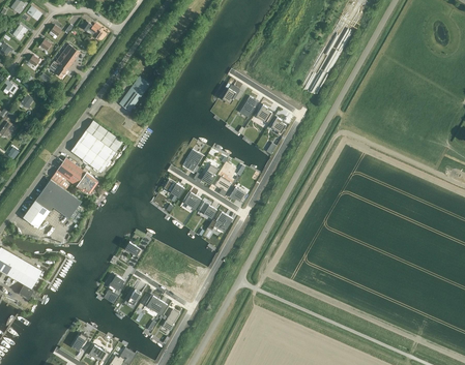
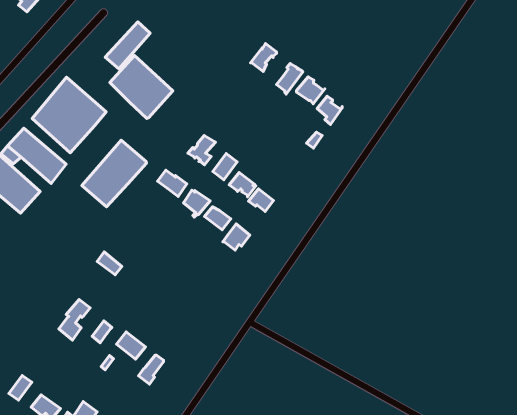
building: none -> [110,55,173,118]
building: none -> [82,140,146,207]

